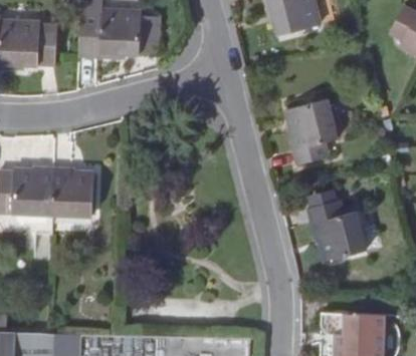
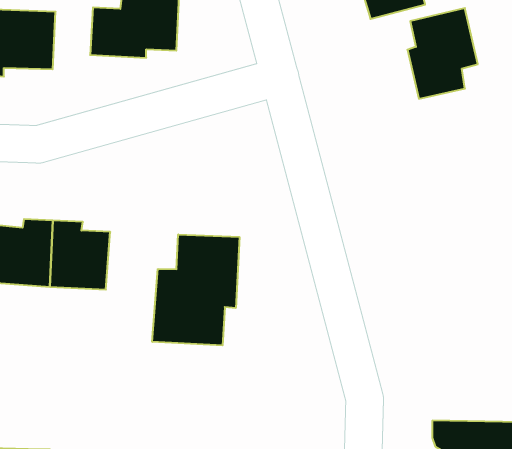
building: [286,97,336,160] -> [407,8,478,99]
building: none -> [152,234,239,345]
building: [304,196,364,261] -> none

